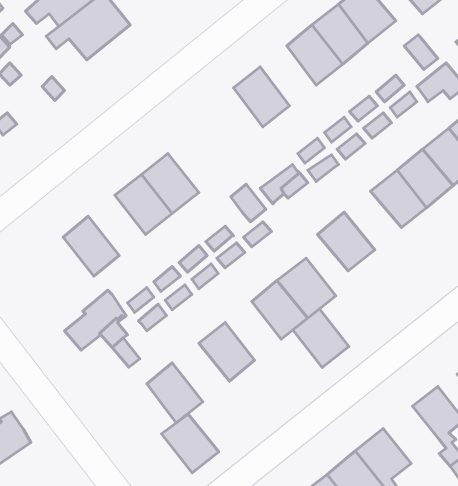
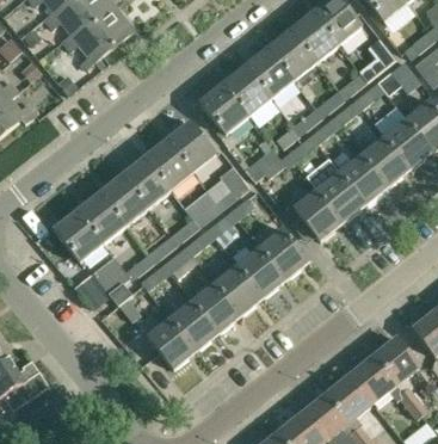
building: none -> [243,48,291,99]
building: none -> [198,84,246,135]
building: none -> [165,122,214,173]
building: none -> [315,172,364,222]
building: none -> [97,175,146,227]
building: none -> [53,211,101,263]
building: [293,309,349,368] -> [214,266,261,316]
building: none -> [348,356,402,405]
building: [162,414,219,473] -> [168,302,217,352]

